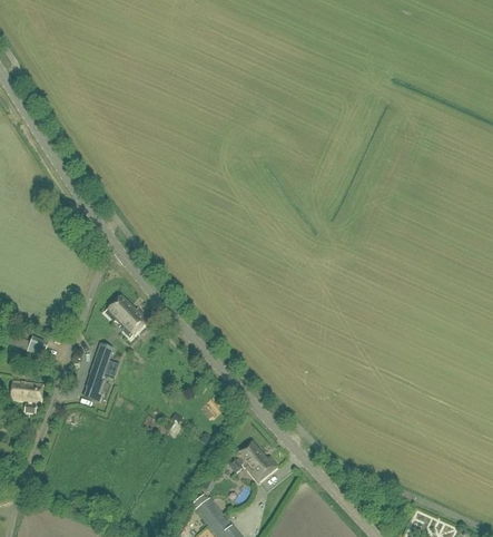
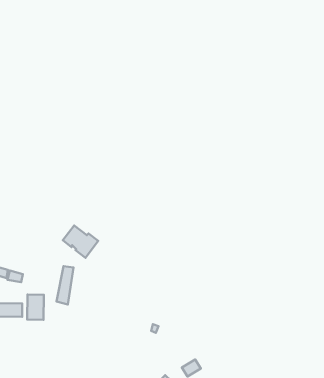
building: none -> [27,295,44,320]
building: [228,442,277,482] -> none

